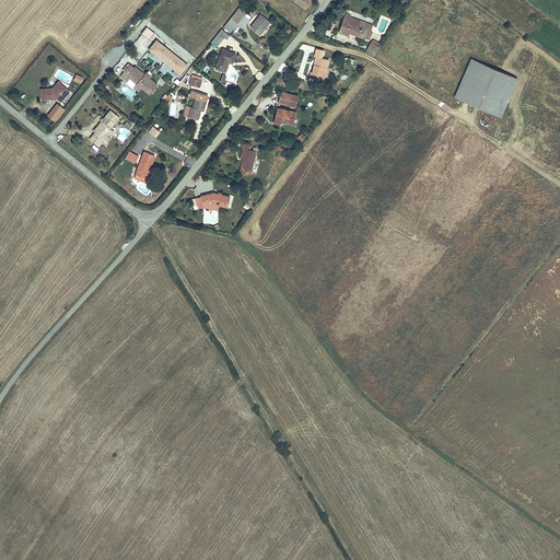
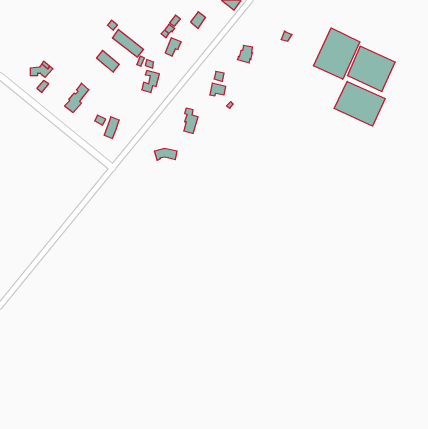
building: [336,10,371,37] -> none
building: none -> [314,28,360,79]
building: none -> [334,81,385,126]

